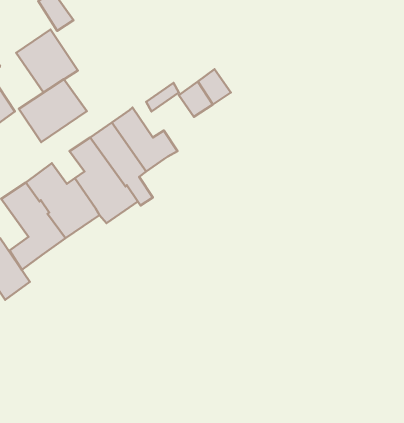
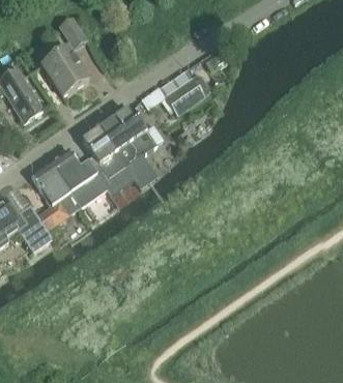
building: [19,79,87,142] -> none

